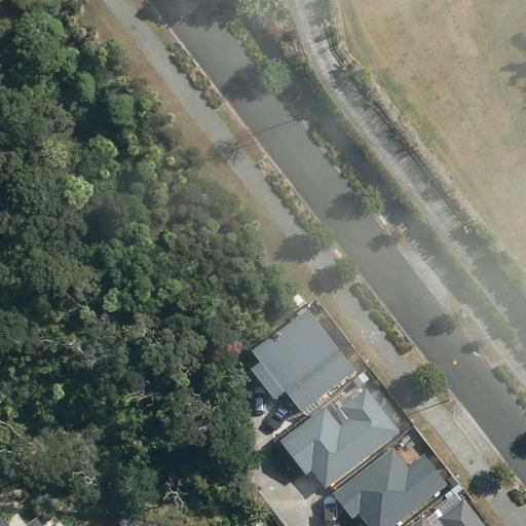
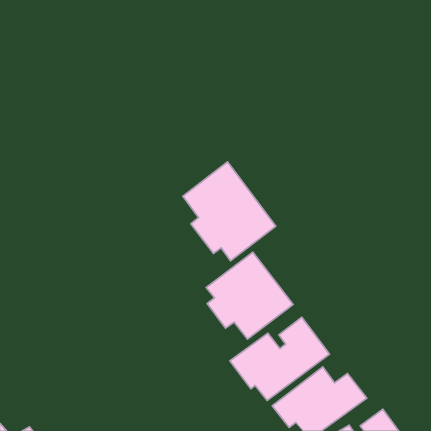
building: none -> [183,162,276,261]

